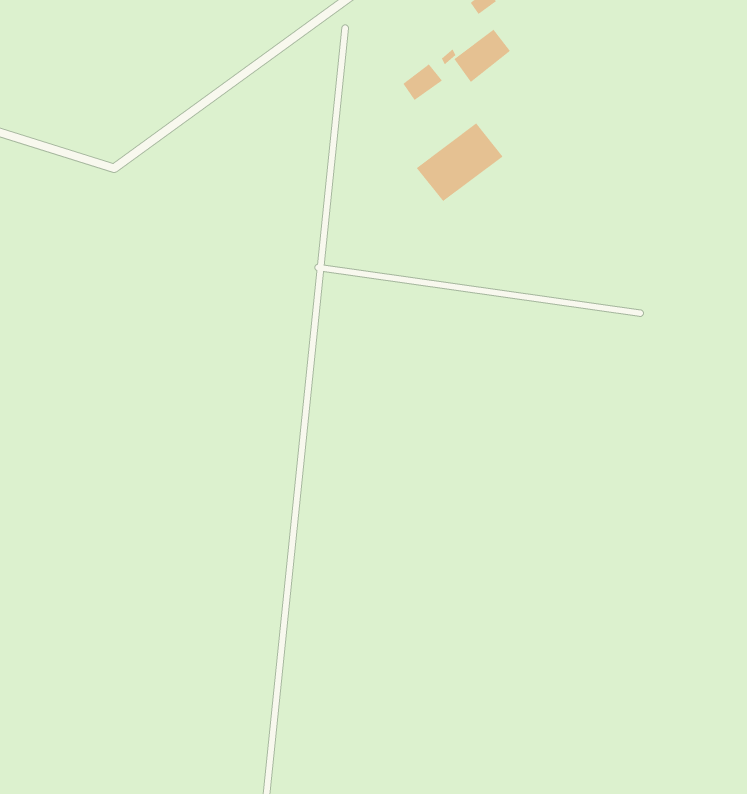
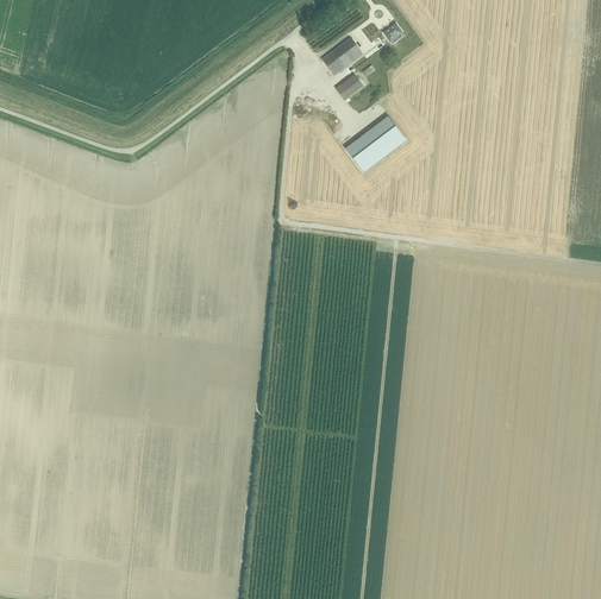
building: [454,29,511,83] -> [321,37,362,75]

